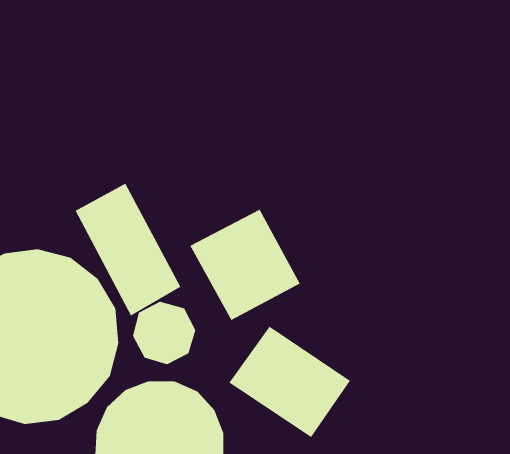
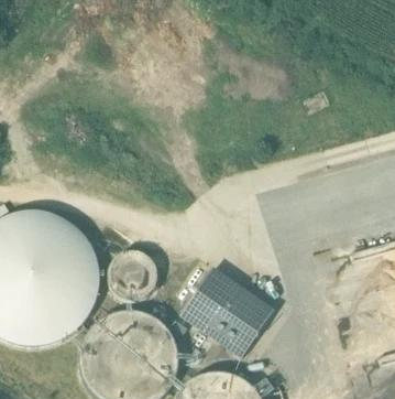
building: [75,183,181,316] -> none
building: [189,209,301,321] -> none

